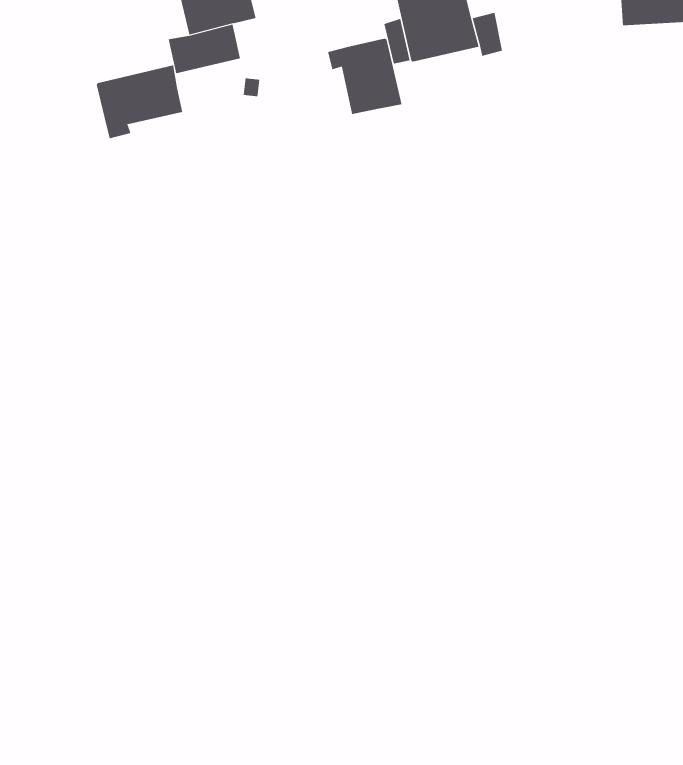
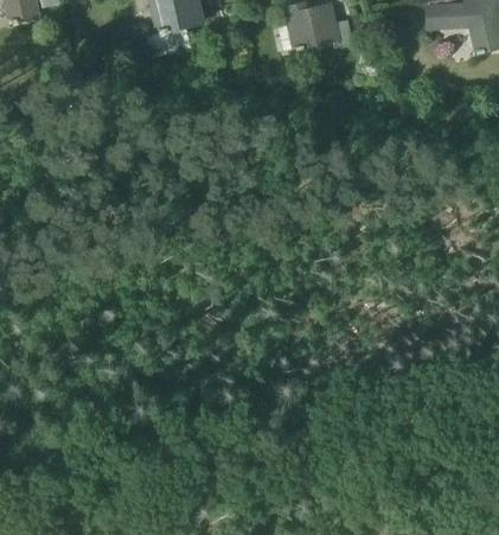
building: [327,38,402,115] -> none
building: [96,64,183,139] -> none

